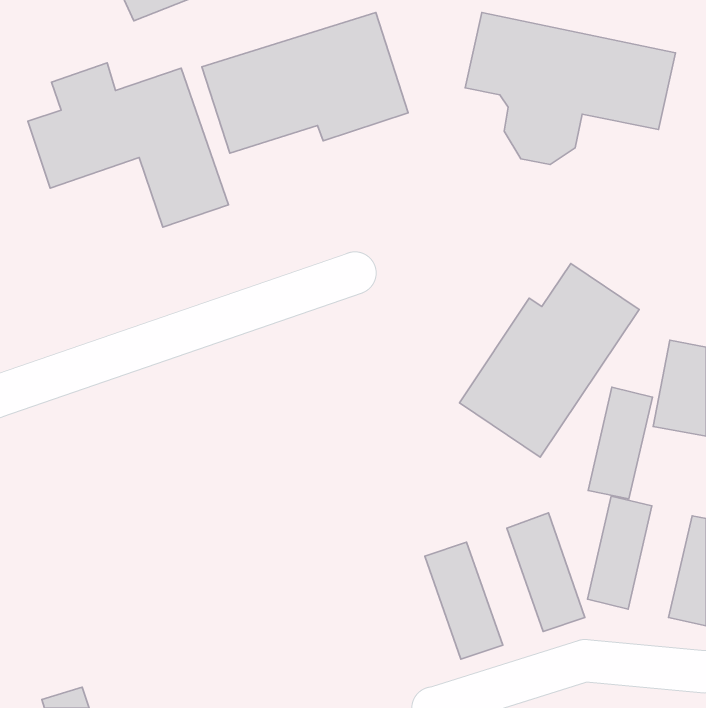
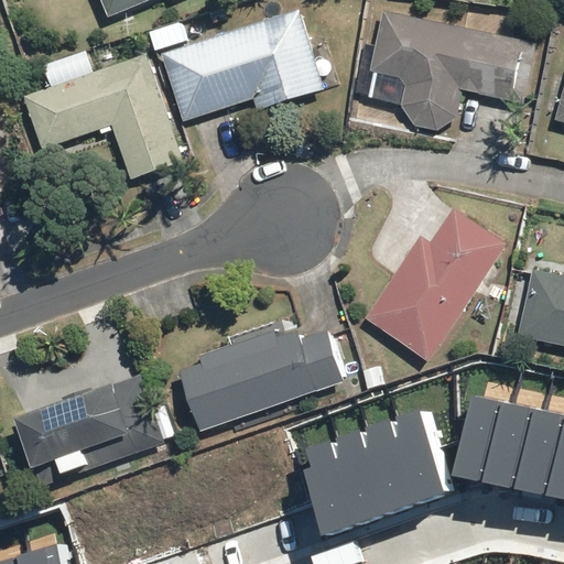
building: [588,387,652,499] -> [497,400,547,488]
building: none -> [178,328,345,432]
building: none -> [13,375,174,476]
building: none -> [369,417,430,510]
building: none -> [311,440,365,533]

